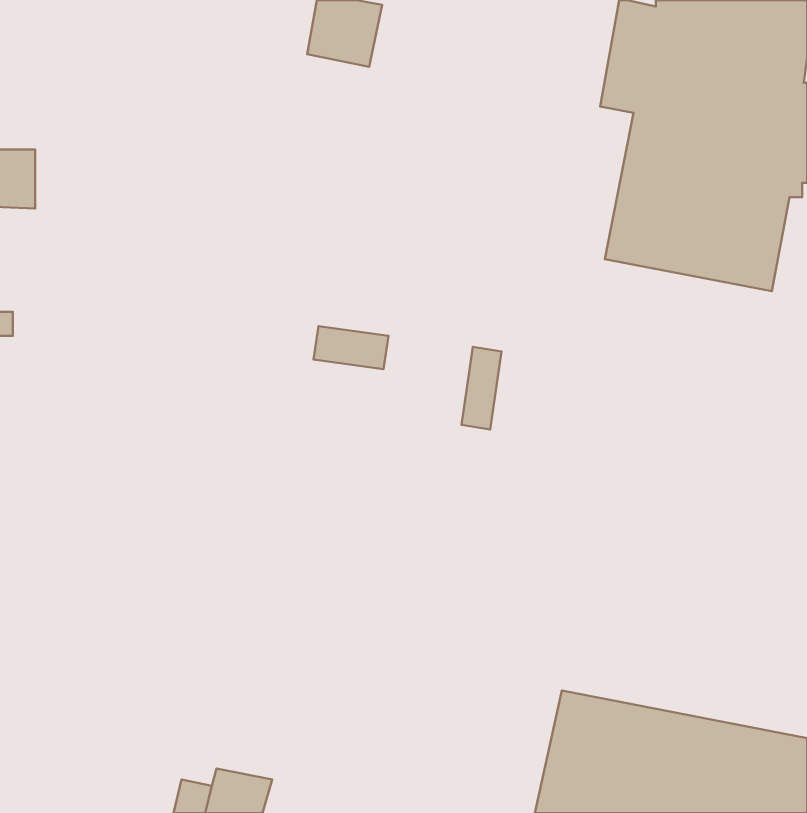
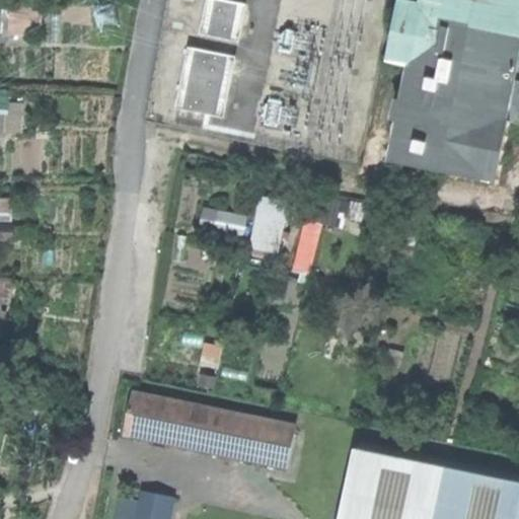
building: none -> [171,48,232,119]
building: none -> [248,195,290,254]
building: none -> [120,392,295,468]

